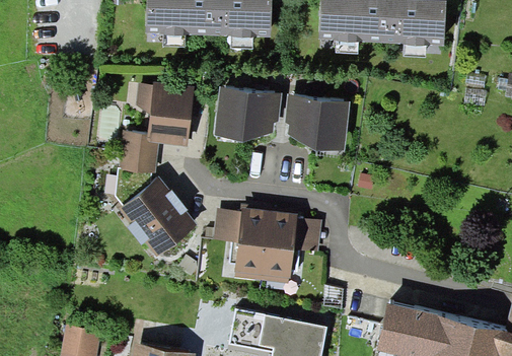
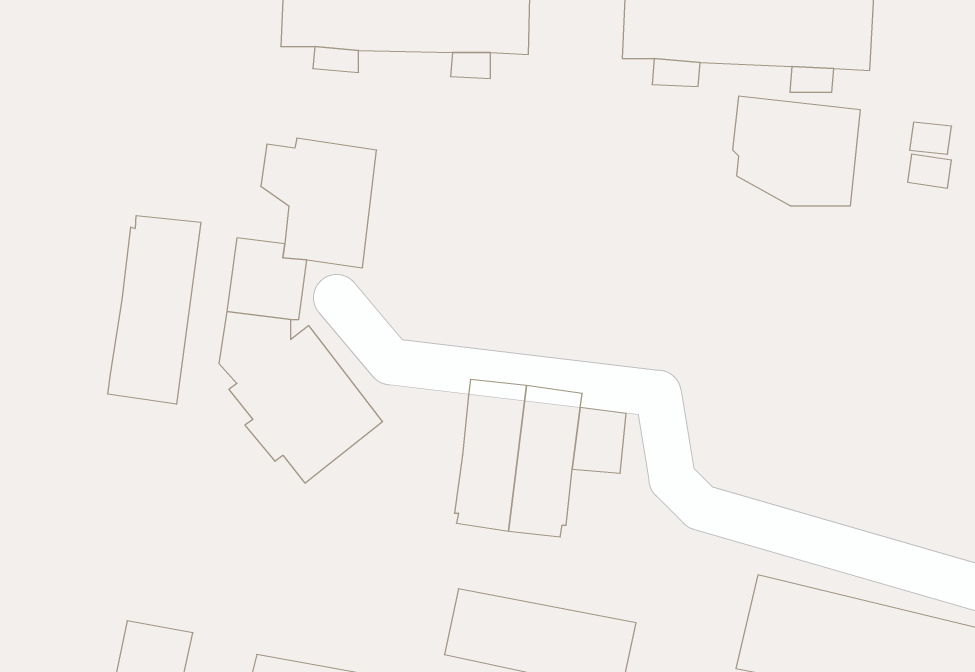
building: [214,86,282,140] -> none
building: [285,93,350,149] -> [733,96,860,206]
building: none -> [108,216,201,404]
building: [212,207,240,240] -> none

